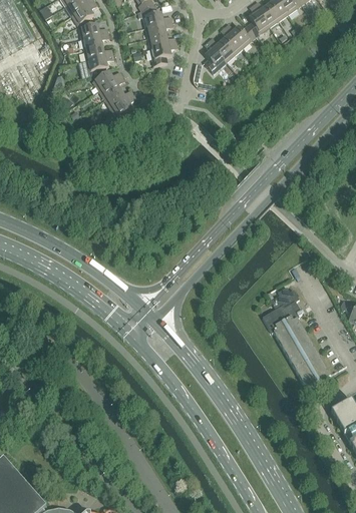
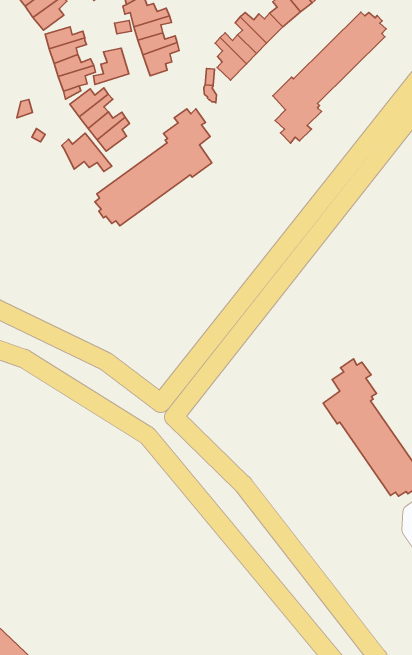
building: none -> [273,12,386,143]
building: none -> [94,48,129,84]
building: none -> [95,109,212,226]
building: none -> [62,133,112,171]

